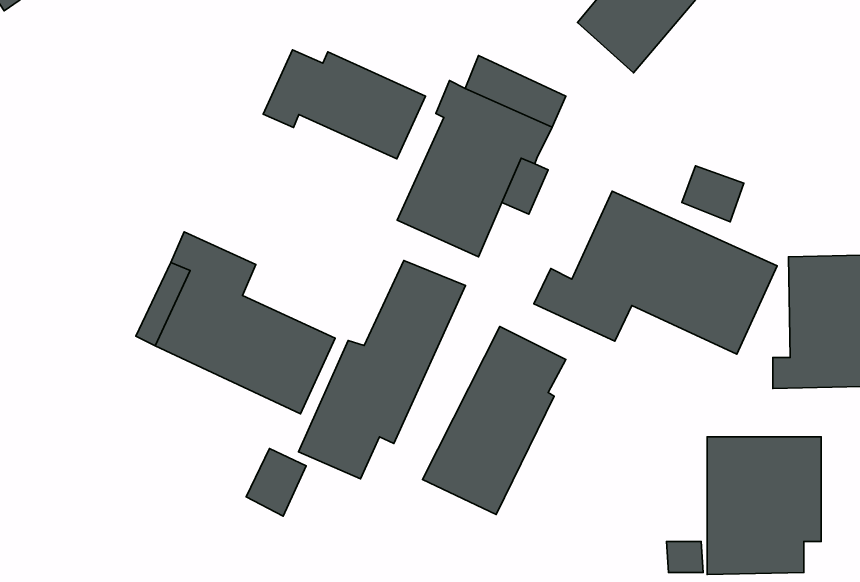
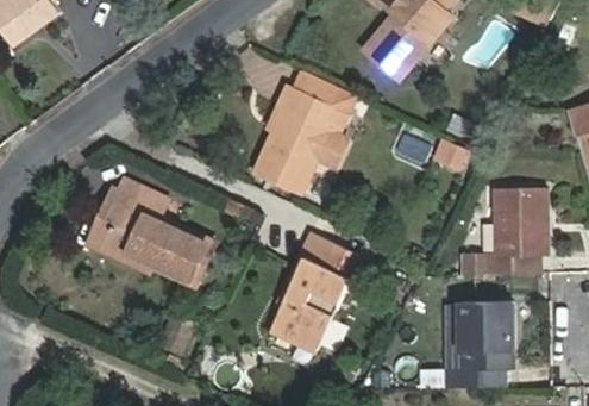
building: [263,50,426,159] -> none
building: [534,191,777,354] -> none
building: [299,260,465,479] -> none

